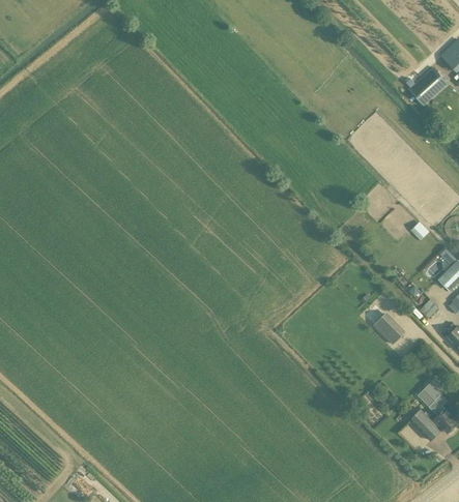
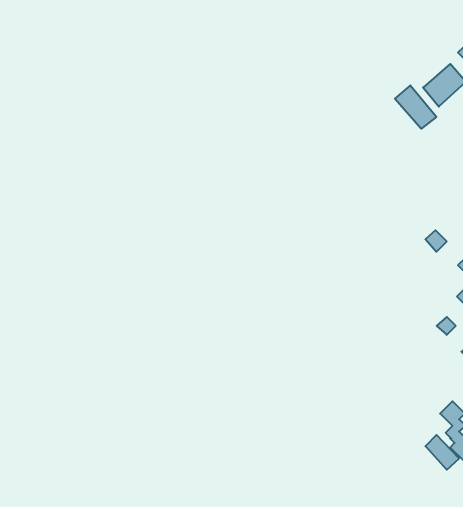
building: none -> [395,85,436,129]
building: [372,313,402,343] -> none

